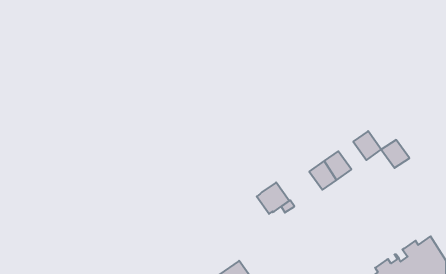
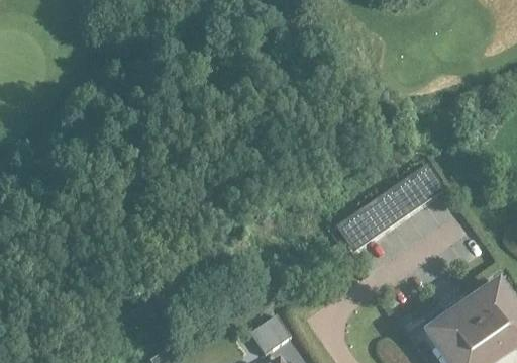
building: [381,140,409,168] -> [392,174,424,206]
building: [257,182,289,214] -> [336,208,374,245]

